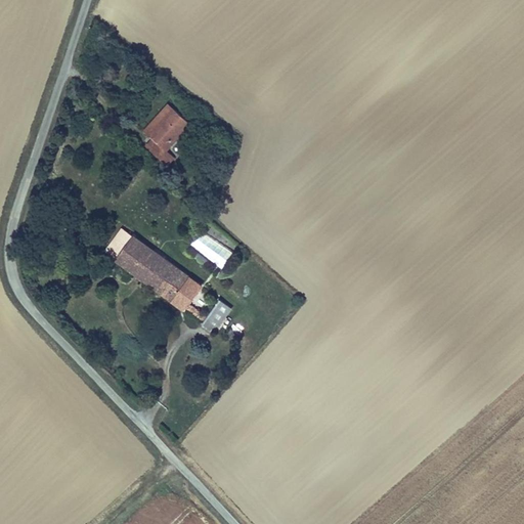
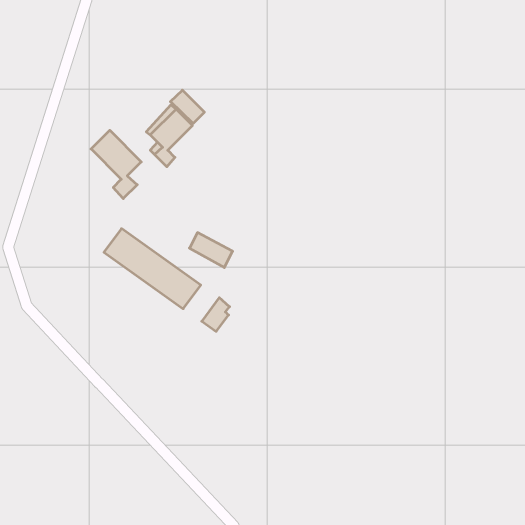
building: none -> [170,90,204,123]
building: none -> [91,130,141,199]

